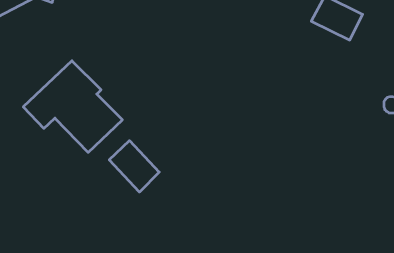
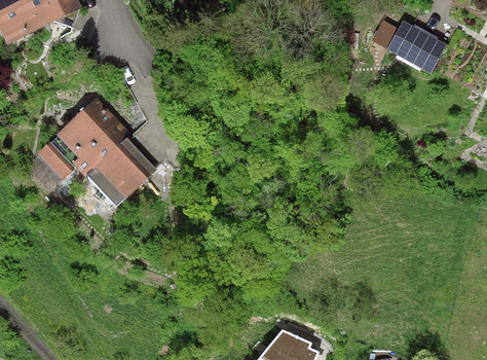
building: [109,141,159,192] -> none

